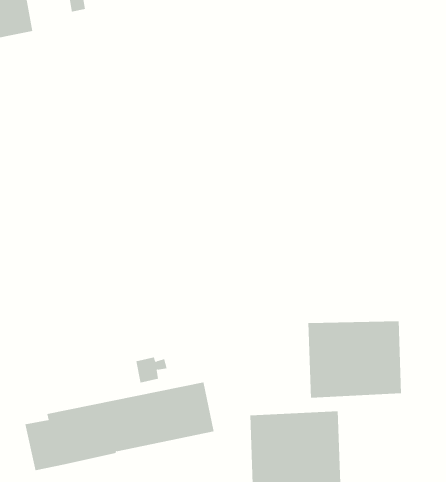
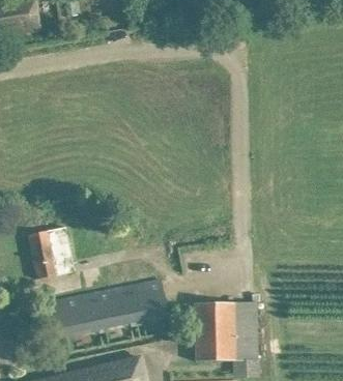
building: none -> [29,227,76,279]
building: [308,320,402,399] -> none

